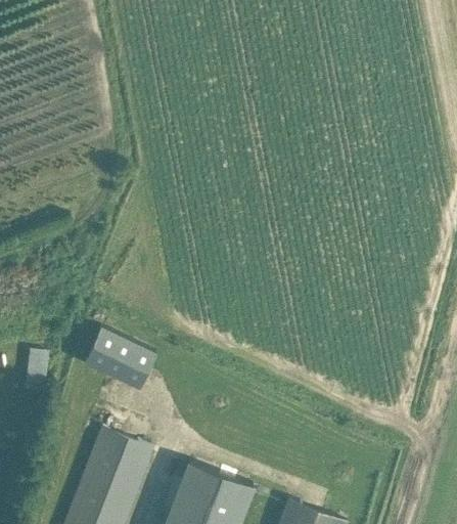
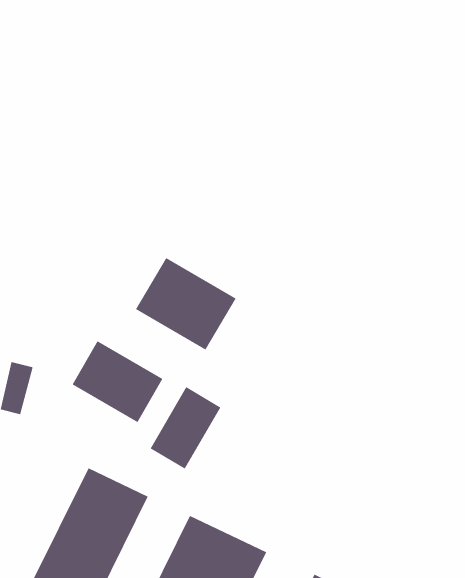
building: none -> [135,257,237,351]
building: none -> [150,386,221,470]

